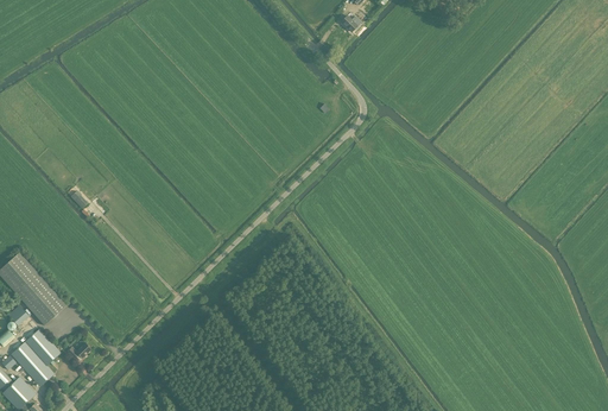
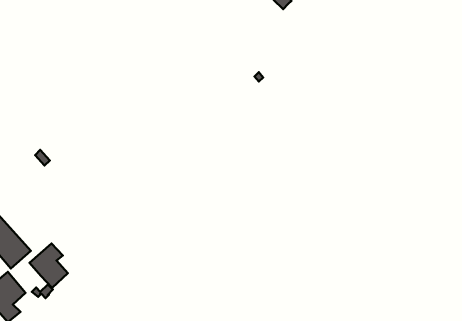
building: none -> [30,243,68,288]

